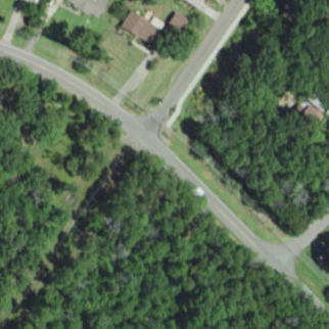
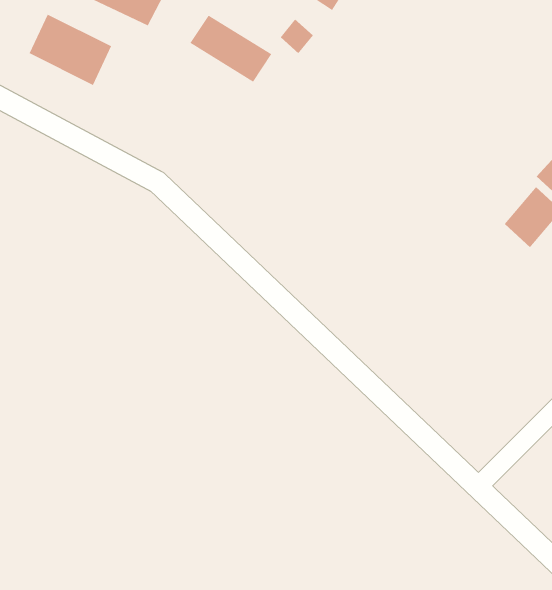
building: none -> [29,14,112,86]

